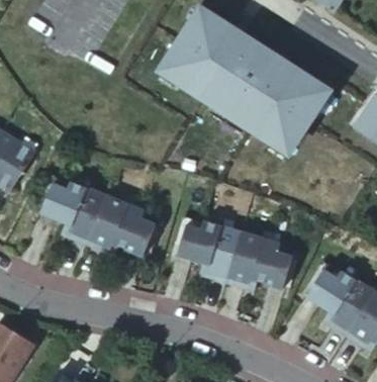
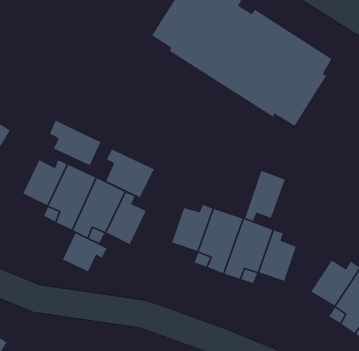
building: none -> [49,120,102,166]
building: none -> [105,148,155,198]
building: none -> [244,170,286,222]
building: none -> [62,232,108,273]

